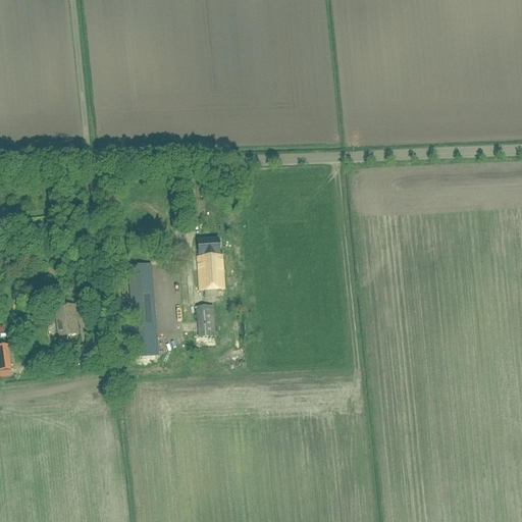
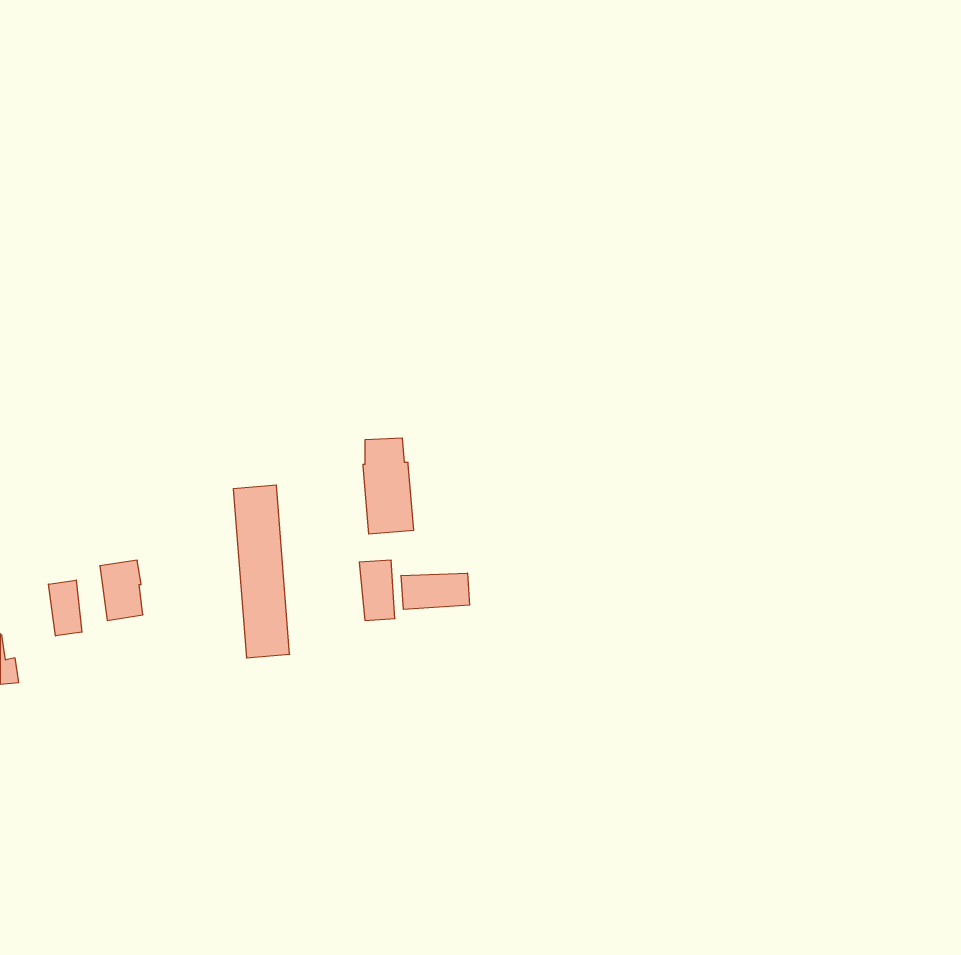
building: none -> [401,573,470,609]
building: none -> [48,580,82,636]

